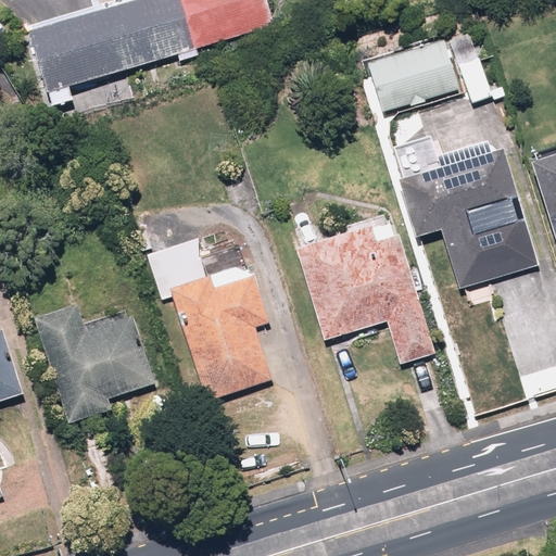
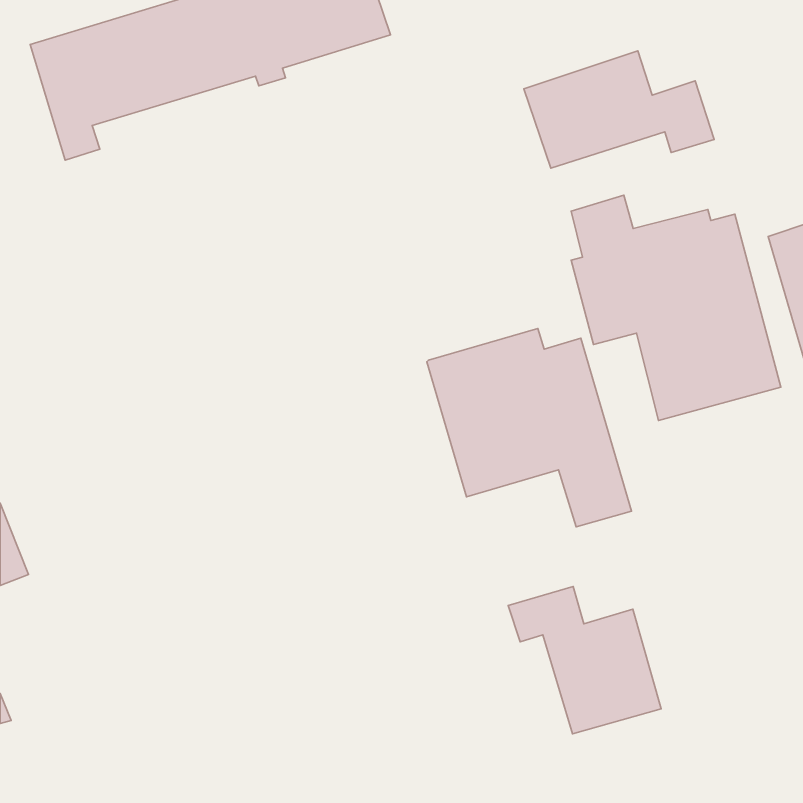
building: [152,233,277,401] -> none
building: [33,303,154,421] -> none
building: none -> [508,586,661,734]

